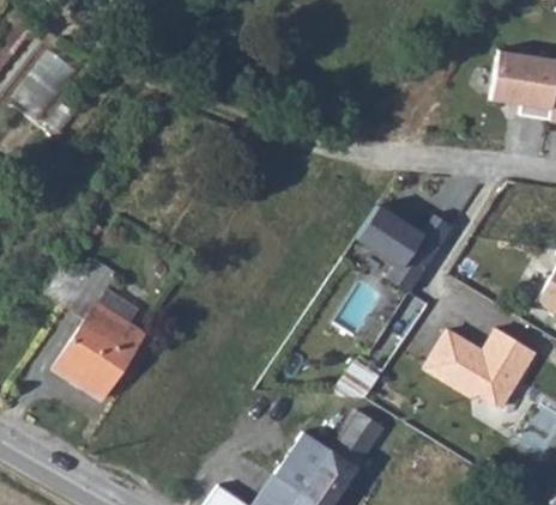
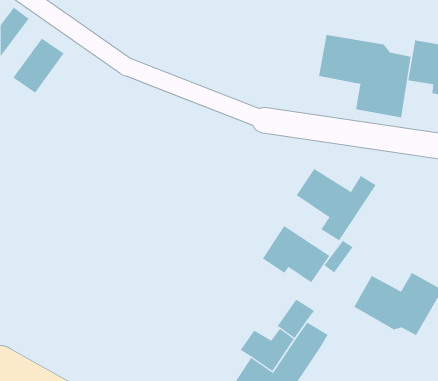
building: none -> [319,34,411,118]
building: [55,270,145,401] -> none
building: none -> [262,225,330,283]

